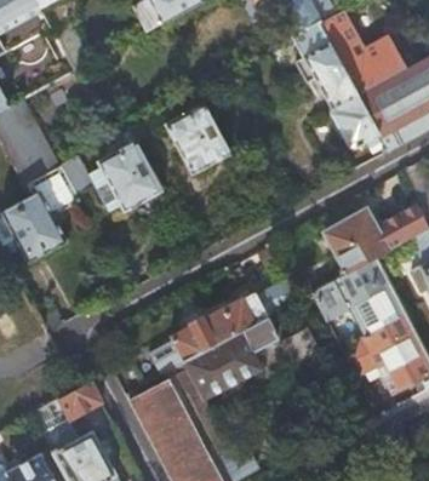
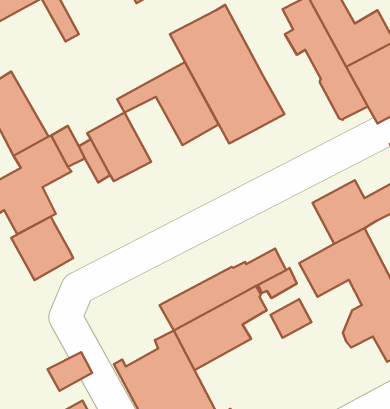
building: none -> [170,5,284,143]
building: none -> [11,216,73,280]

